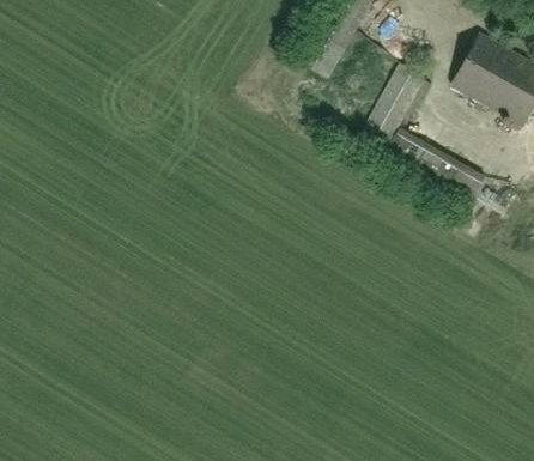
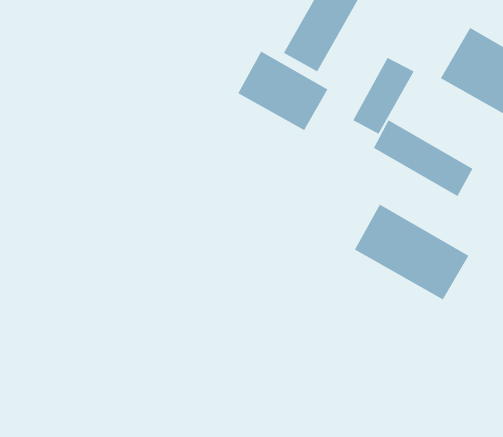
building: none -> [237,51,329,131]
building: none -> [354,204,470,301]

